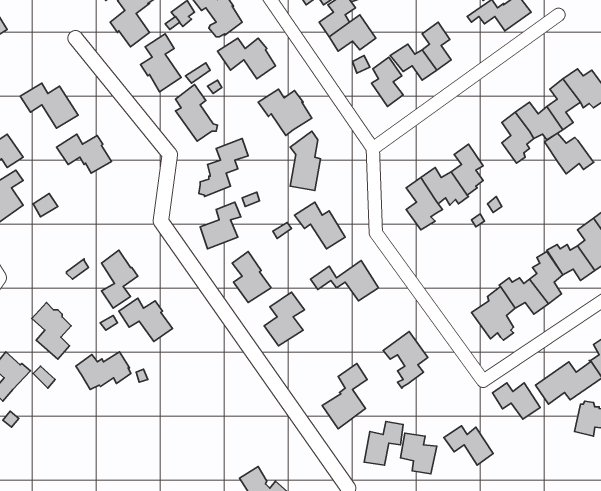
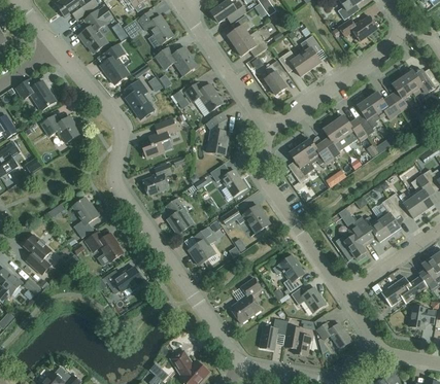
building: [544,133,594,174] -> [334,115,369,144]
building: [76,352,131,389] -> [104,267,143,293]
building: [492,383,540,419] -> [292,286,326,312]

